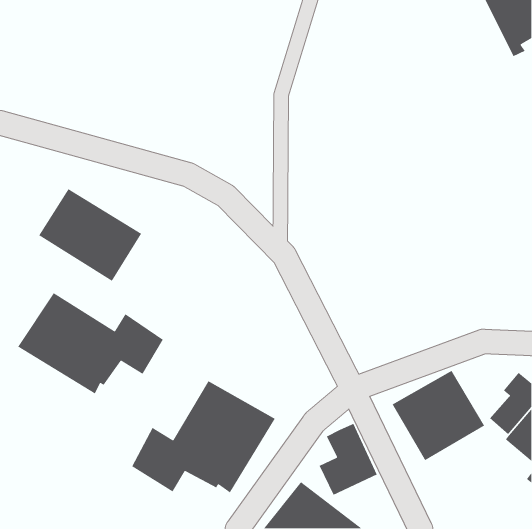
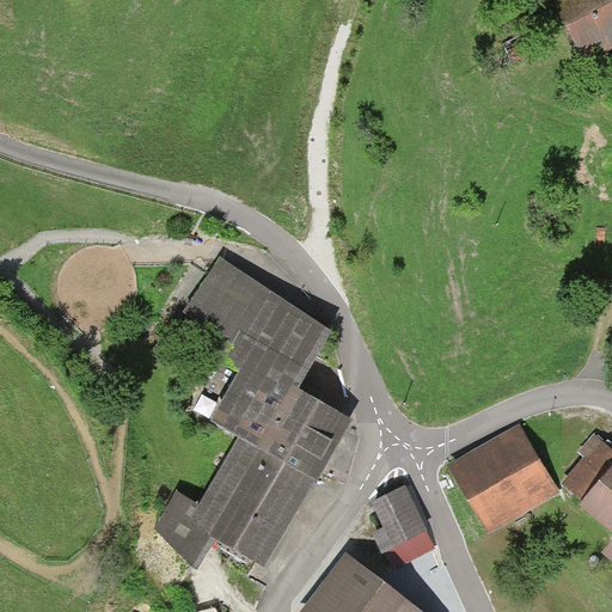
building: [38,188,142,282] -> none
building: none -> [183,257,353,481]
building: [17,292,164,395] -> none

